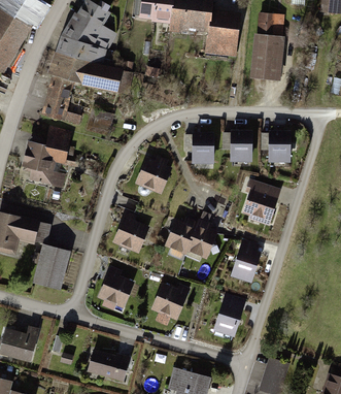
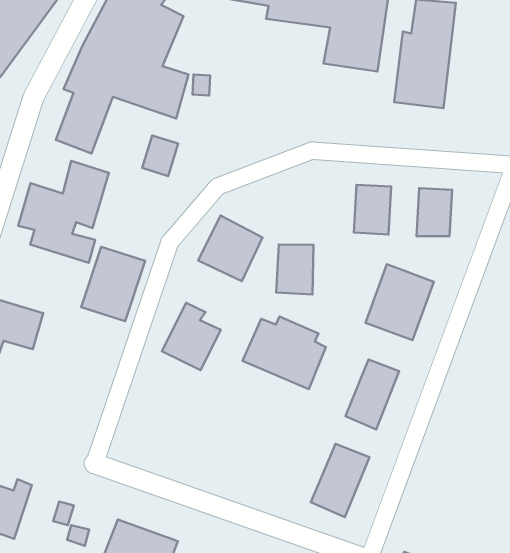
building: [191,132,213,163] -> [276,245,313,294]
building: [36,241,74,287] -> [81,247,145,321]
building: [98,264,133,306] -> none
building: [150,282,193,322] -> none

